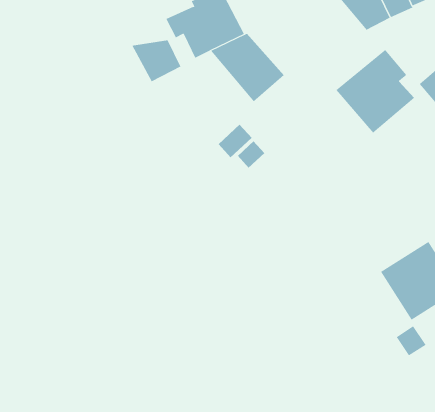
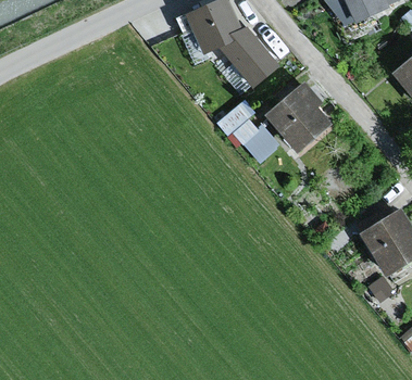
building: [132,40,181,82] -> none
building: [336,49,415,134] -> [263,80,330,152]

